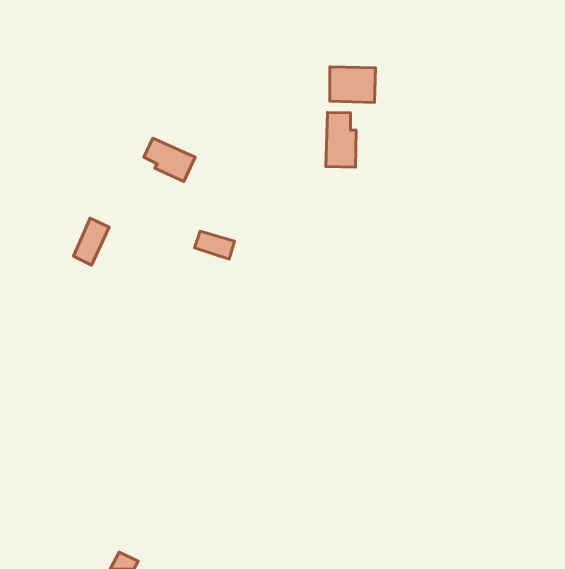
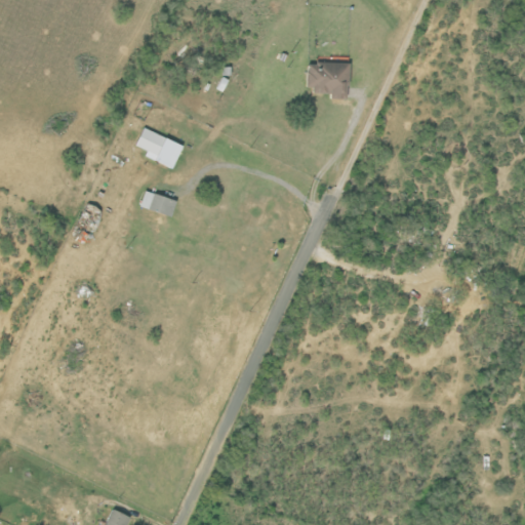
building: [326,113,356,167] -> none
building: [194,231,235,259] -> [140,191,177,216]

